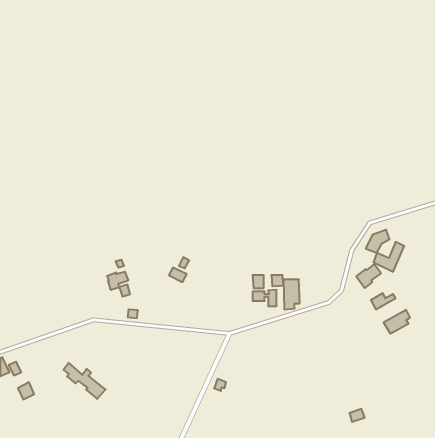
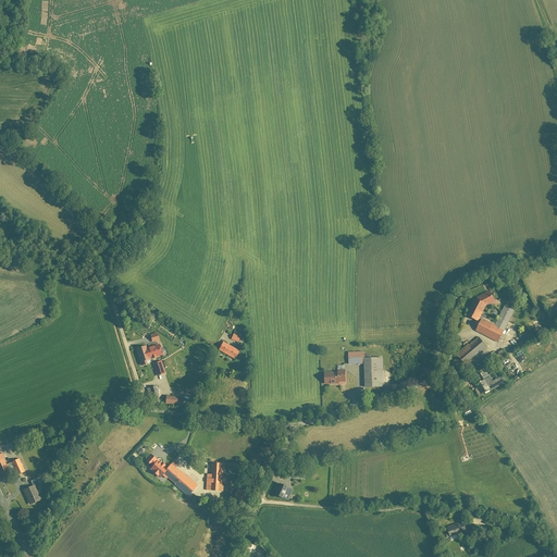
building: [384,310,410,334] -> none
building: none -> [206,460,224,488]
building: [64,363,106,399] -> [145,449,198,495]

